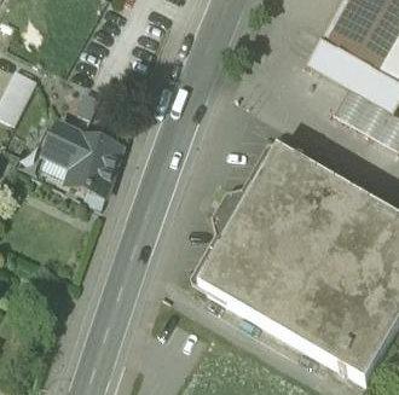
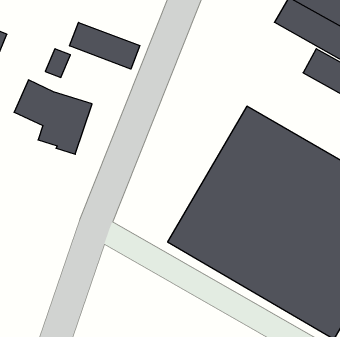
building: none -> [70,22,140,69]

